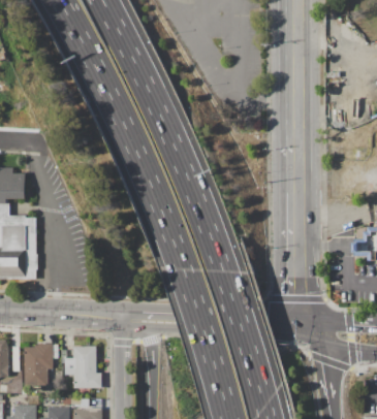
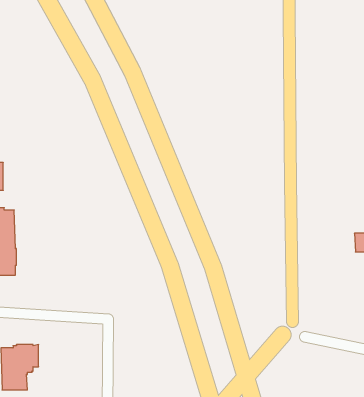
building: [62,346,101,388] -> none

